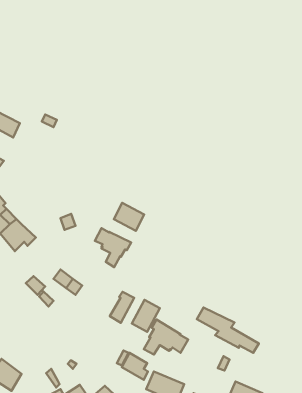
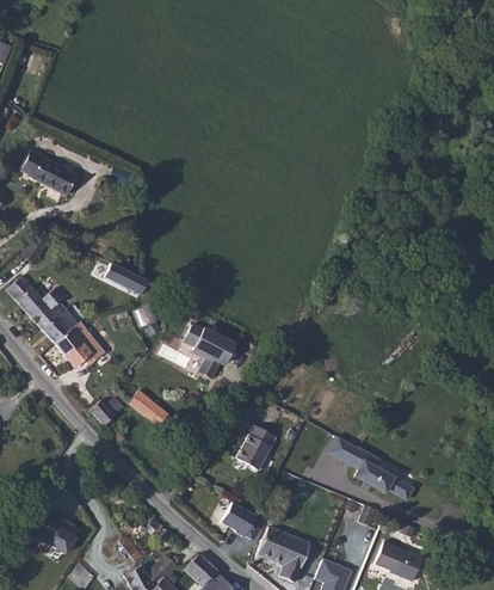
building: none -> [109,259,143,288]
building: [114,203,144,231] -> none
building: [110,292,134,323] -> none
building: [144,320,188,354] -> none

